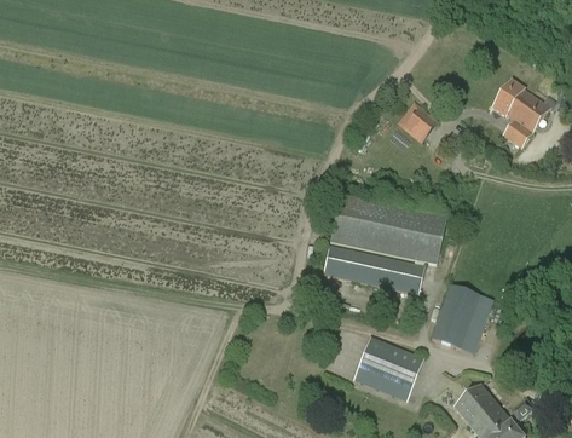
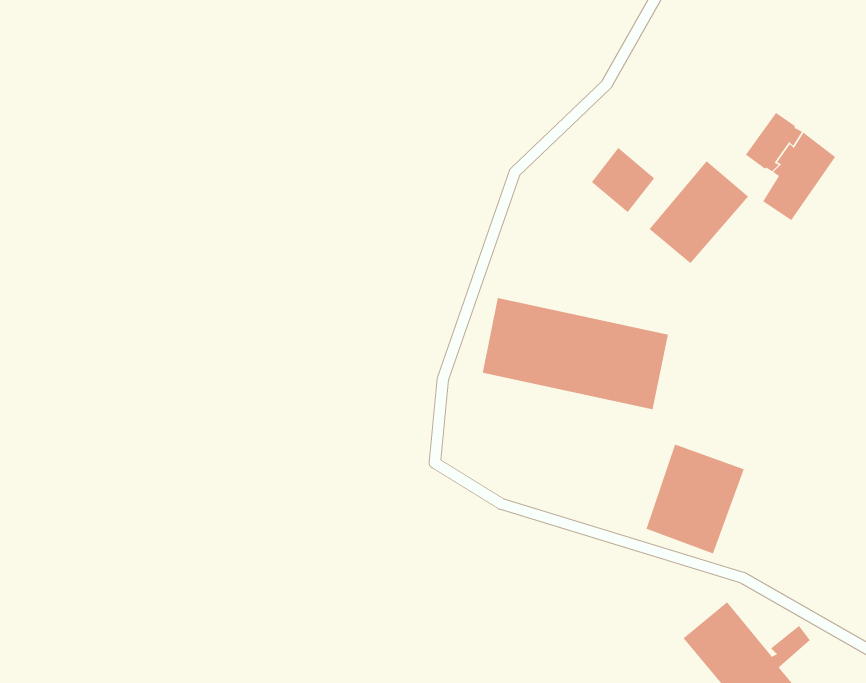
building: none -> [648,160,749,264]
building: [322,244,423,294] -> none
building: [352,336,423,400] -> none

